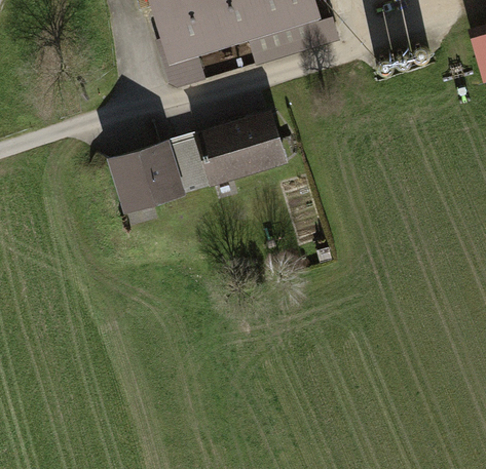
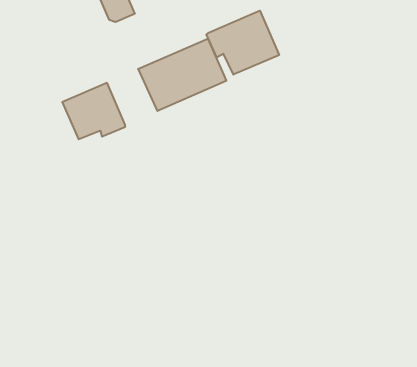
building: none -> [206,11,279,75]
building: [162,135,210,190] -> none

